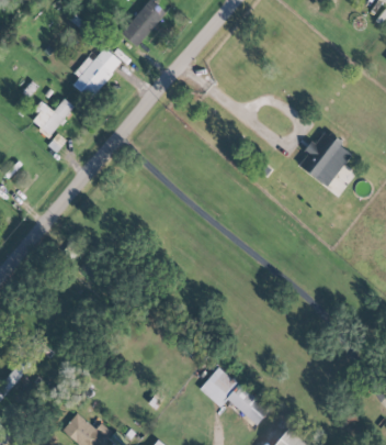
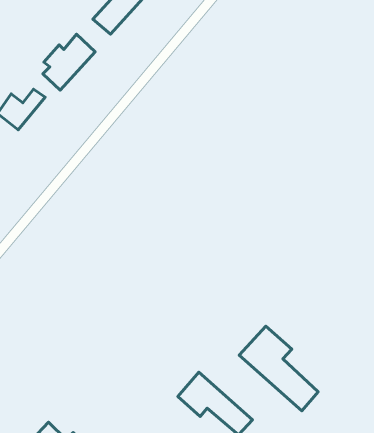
building: [297,131,351,187] -> none
building: none -> [239,326,318,411]

